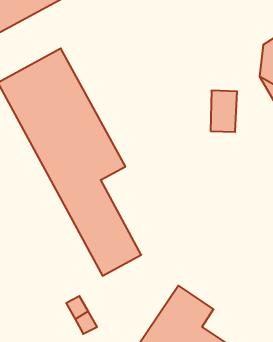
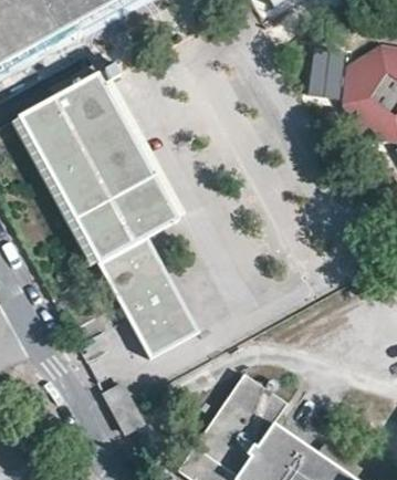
building: [211,91,237,132] -> [312,49,345,101]

